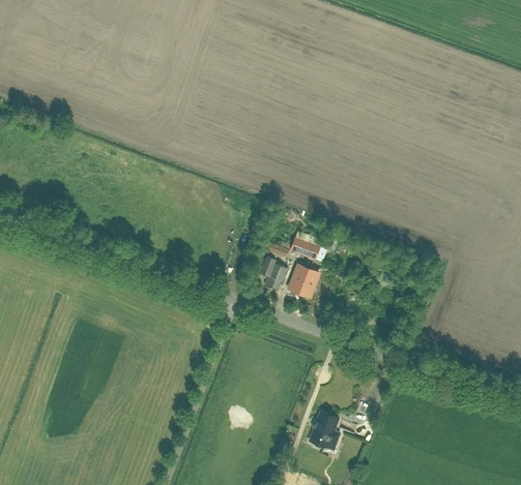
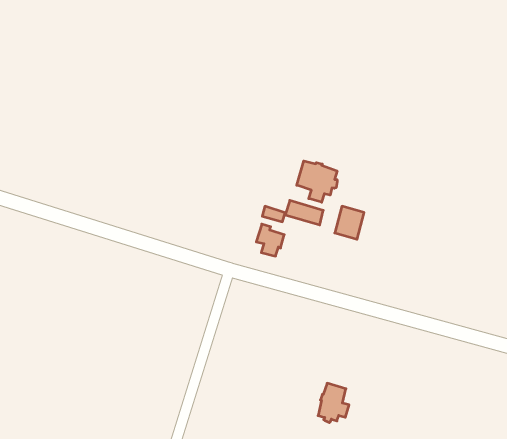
building: none -> [297,161,337,202]
building: [291,264,320,296] -> [335,206,364,239]

